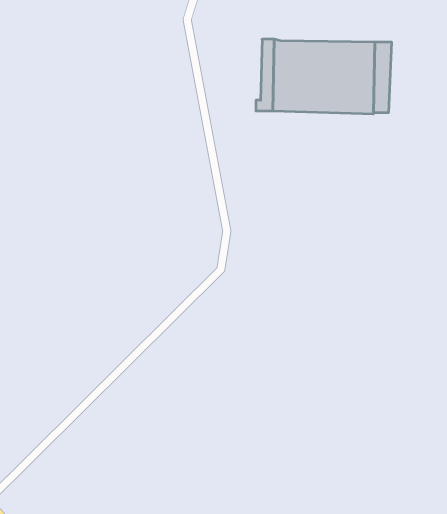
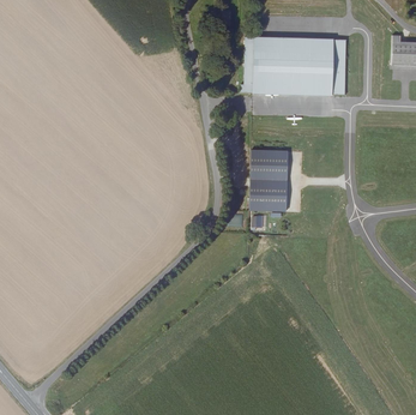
building: none -> [249,149,288,212]

